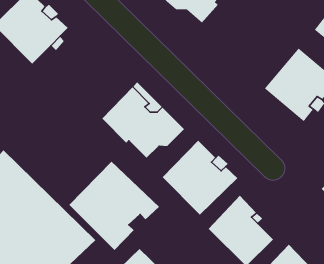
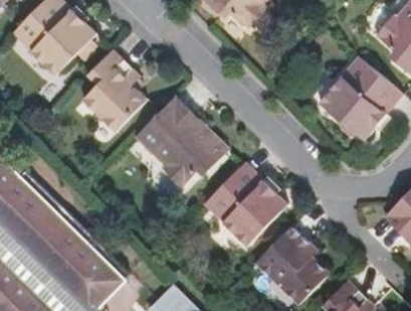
building: none -> [82,48,148,132]
building: [69,161,160,251] -> none

